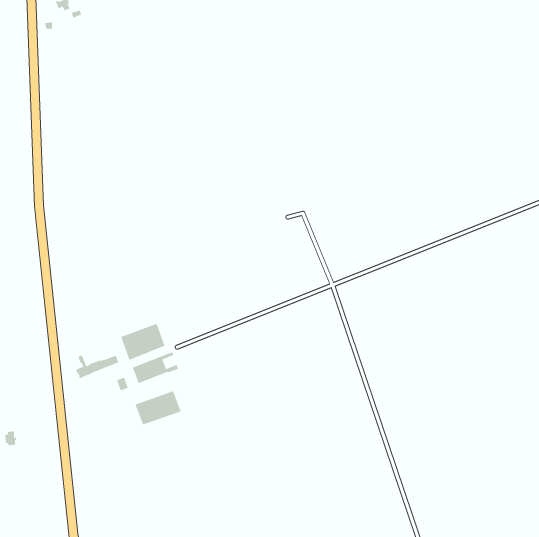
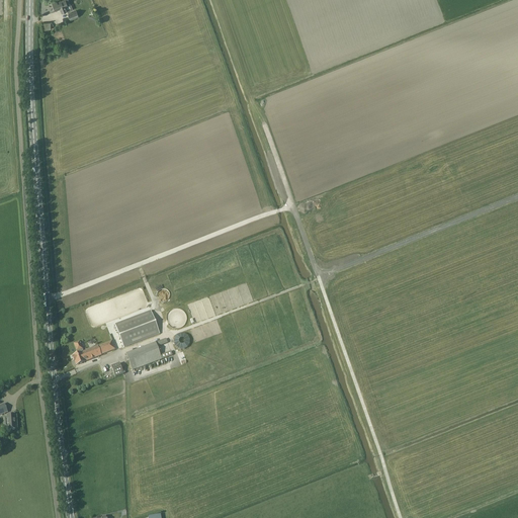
building: [135,390,182,425] -> none

